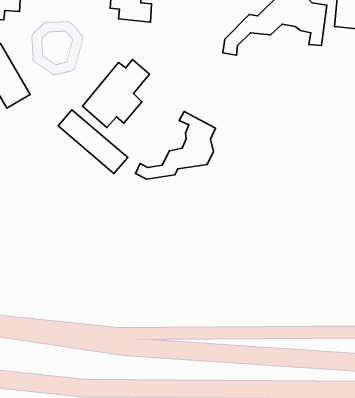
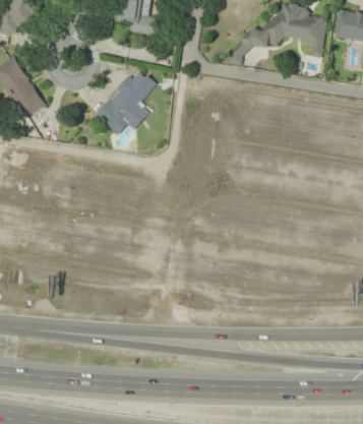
building: [58,110,128,174] -> none
building: [136,111,216,179] -> none

